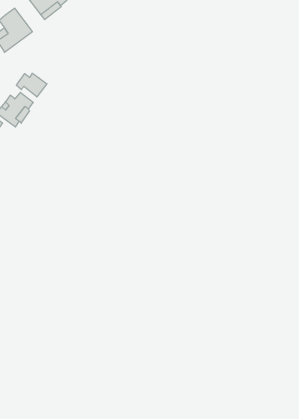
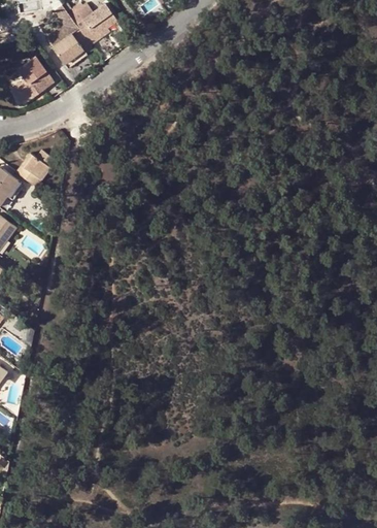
building: [16,73,47,97] -> none

